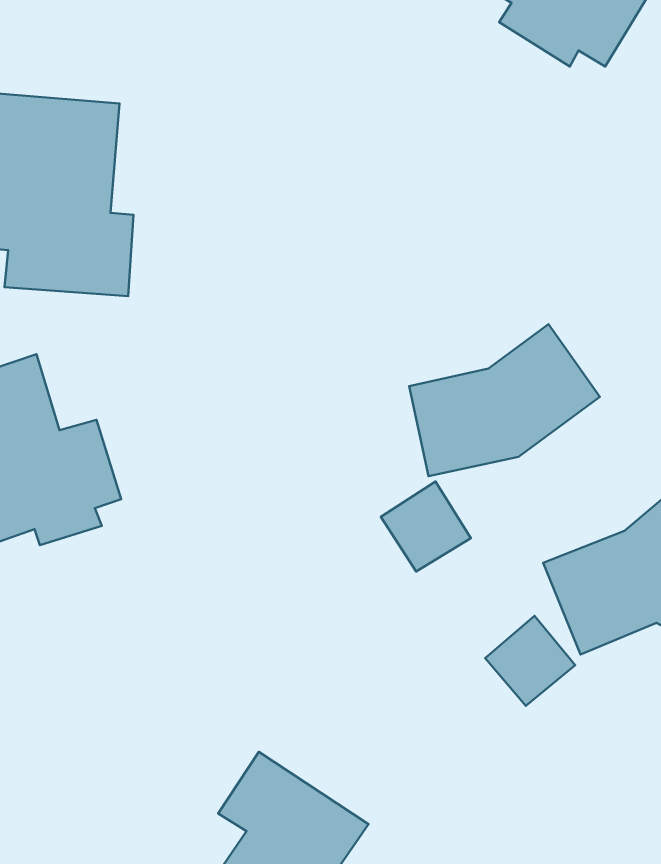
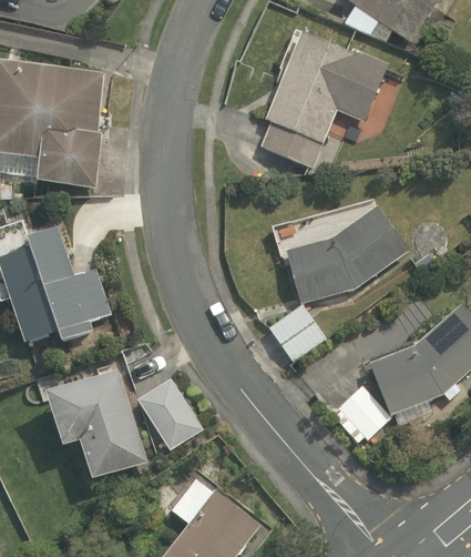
building: none -> [256,29,388,168]
building: none -> [39,368,146,480]
building: none -> [135,375,204,450]

